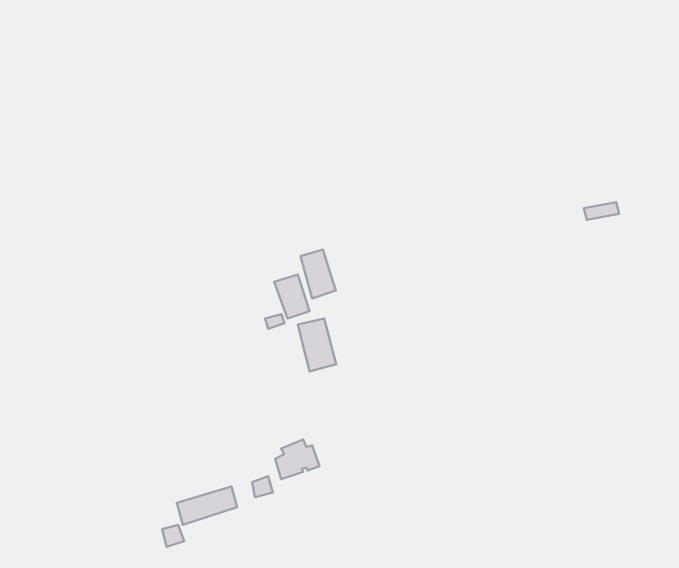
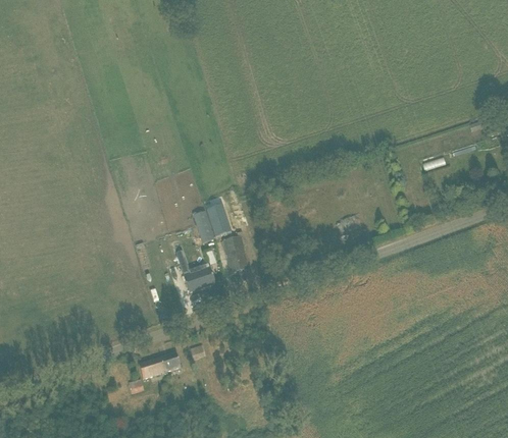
building: [300,250,336,298] -> none
building: [275,440,319,479] -> [184,264,214,291]

